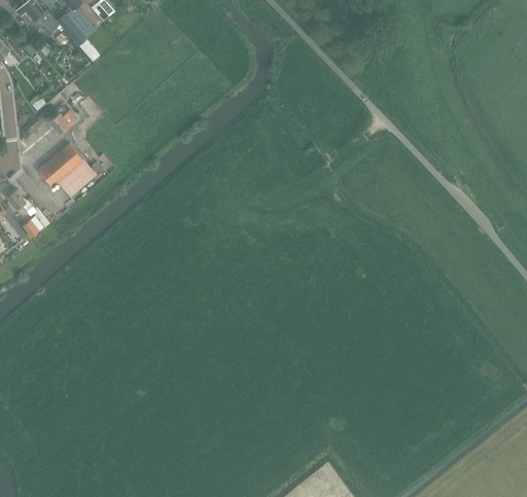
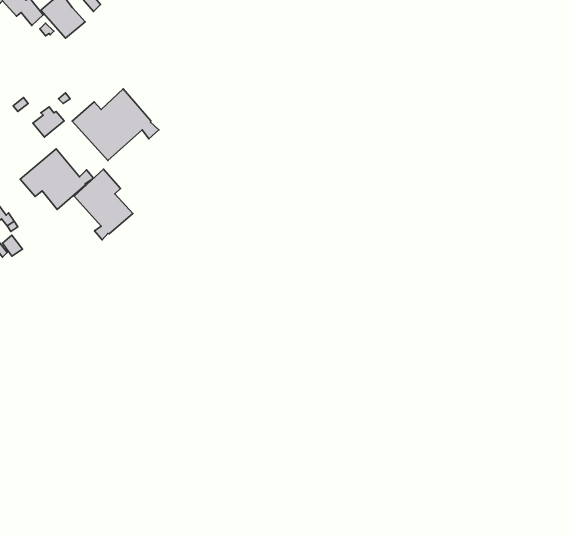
building: none -> [72,89,159,161]
building: none -> [74,169,133,240]

